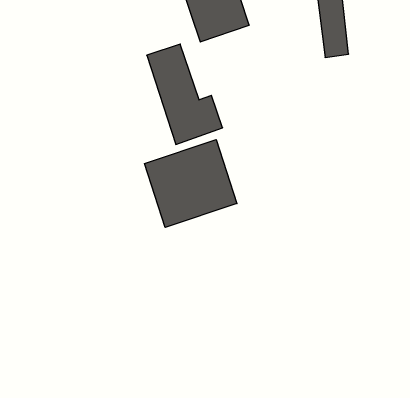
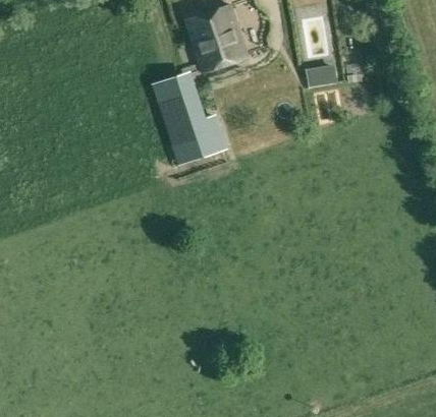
building: [144,140,237,227] -> none

